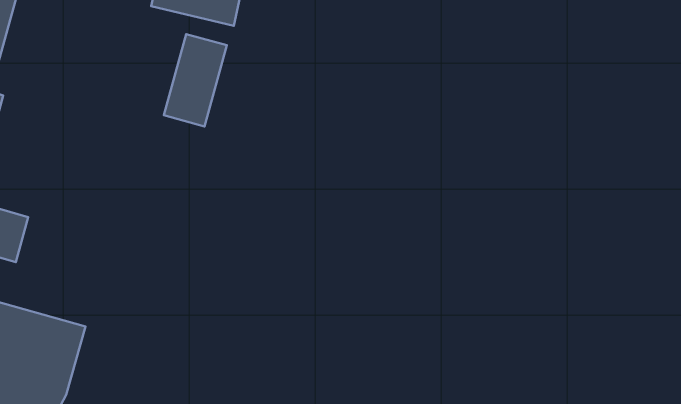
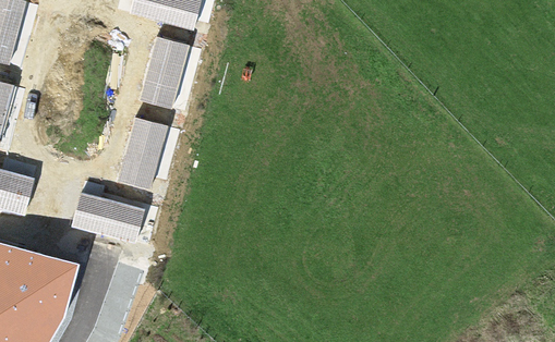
building: none -> [117,117,168,188]
building: none -> [72,192,144,242]

